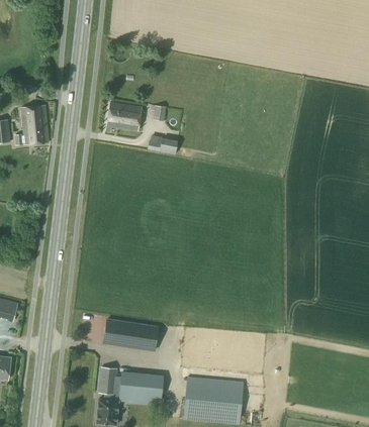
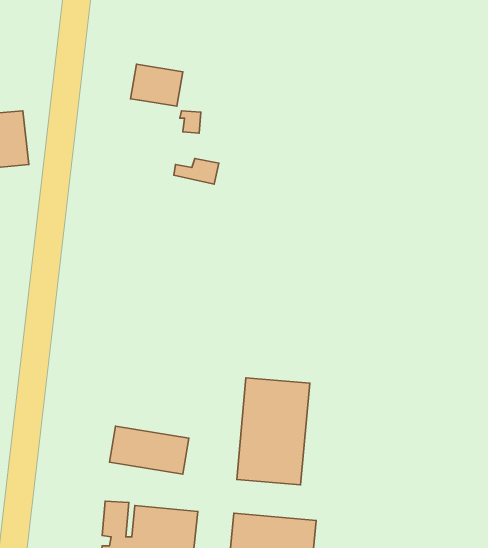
building: [106,102,142,130] -> [130,64,183,106]
building: none -> [237,378,310,485]

